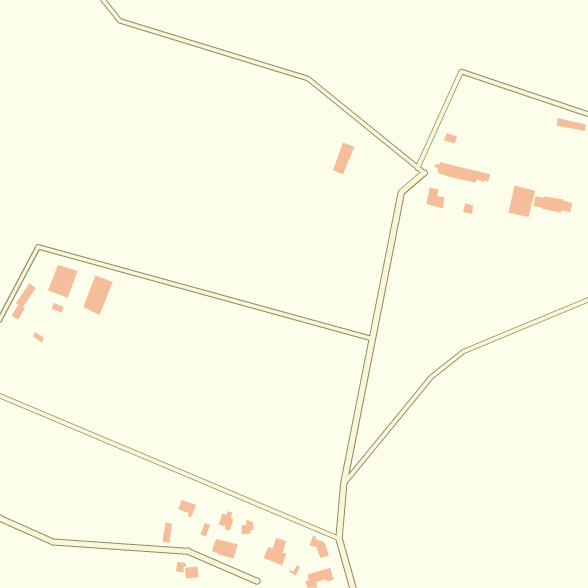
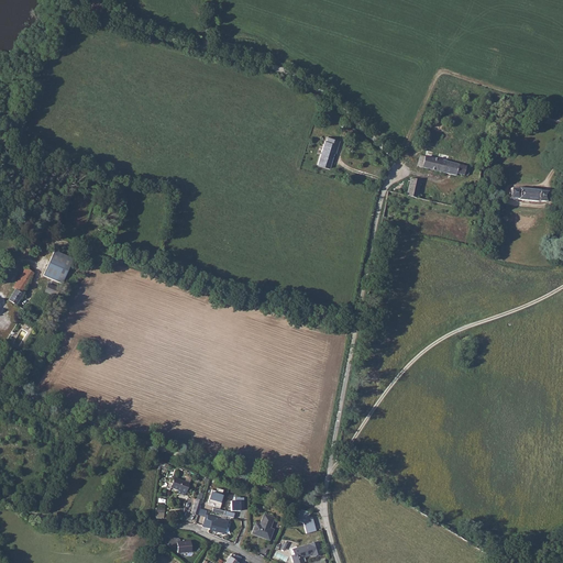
building: [508,185,536,218] -> none
building: [82,274,114,316] -> none

